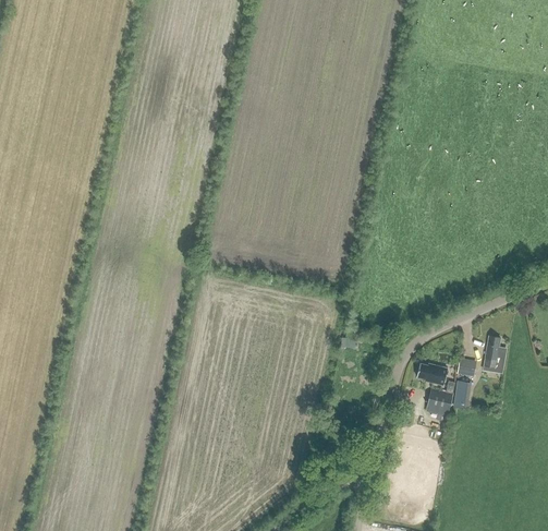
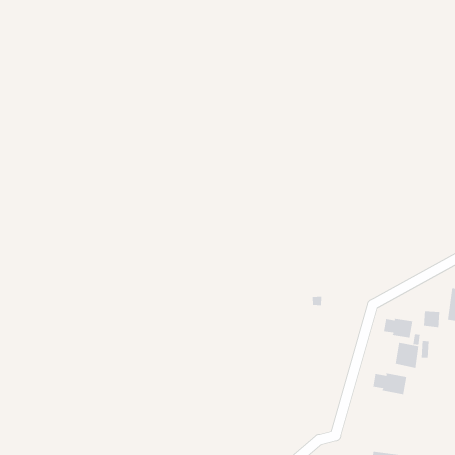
building: none -> [373,373,407,395]

